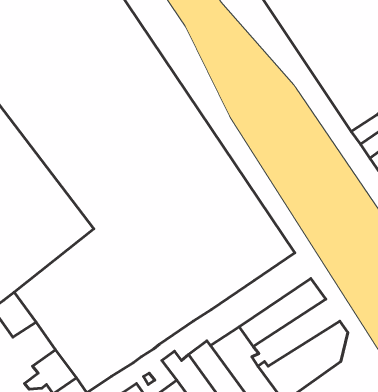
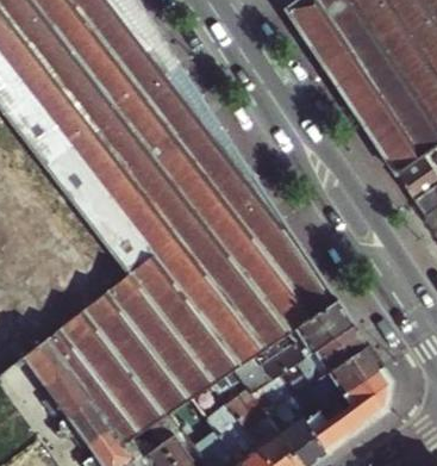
building: none -> [230,299,351,394]
building: none -> [291,347,381,416]
building: none -> [39,371,88,422]

